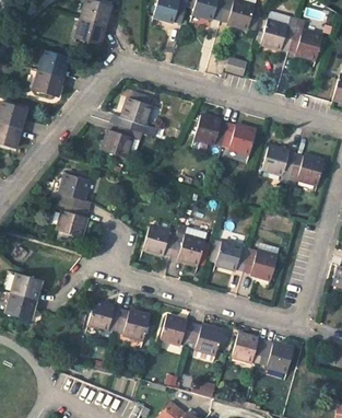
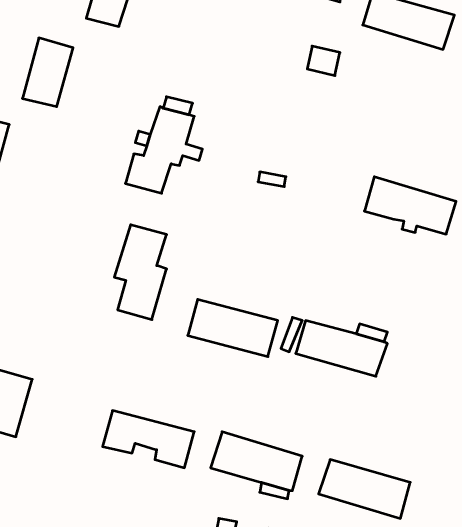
building: [194,116,255,154] -> none
building: [52,174,87,237] -> [114,225,167,320]

